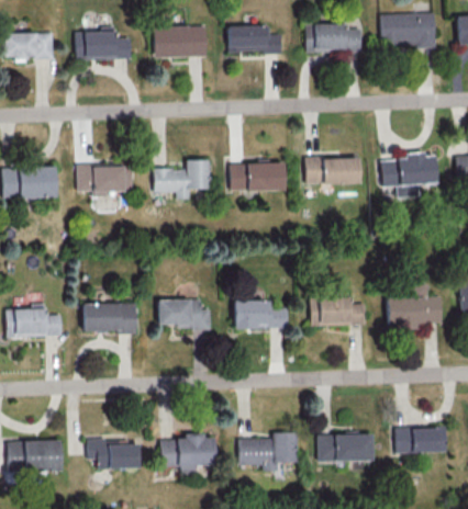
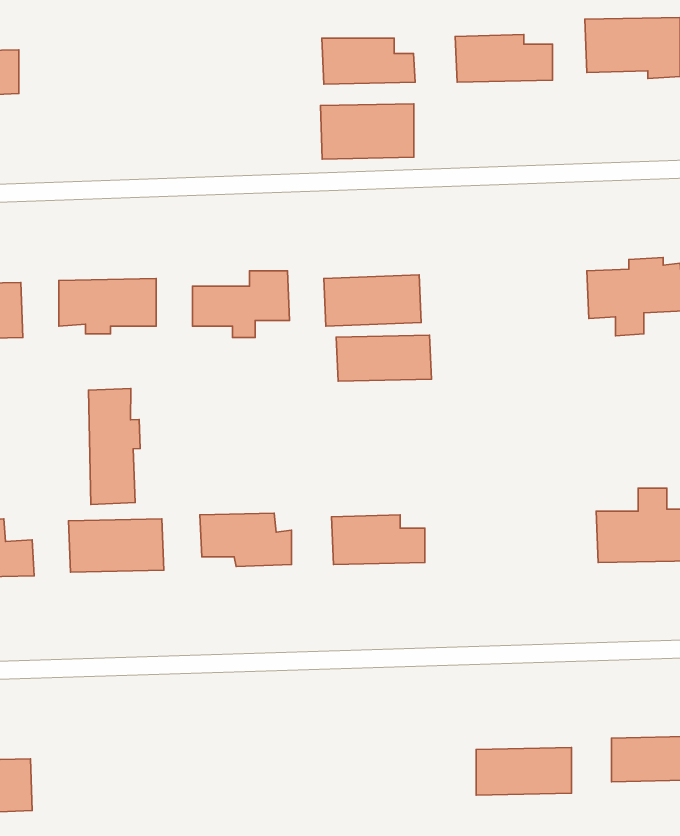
building: [76,26,132,60] -> none
building: [153,26,207,58] -> [320,104,414,159]
building: [305,158,360,184] -> [336,335,431,381]
building: none -> [89,388,140,505]
building: [310,296,365,326] -> none
building: [238,432,298,472] -> none
building: [160,436,215,476] -> none
building: [87,440,141,470] -> none

